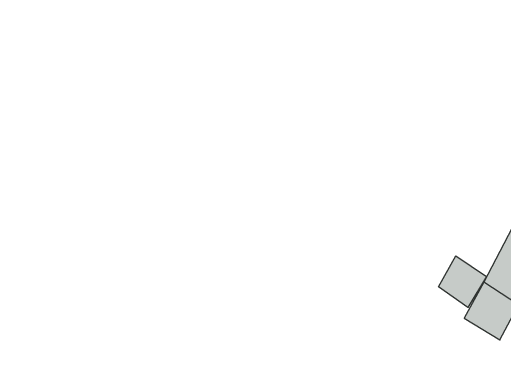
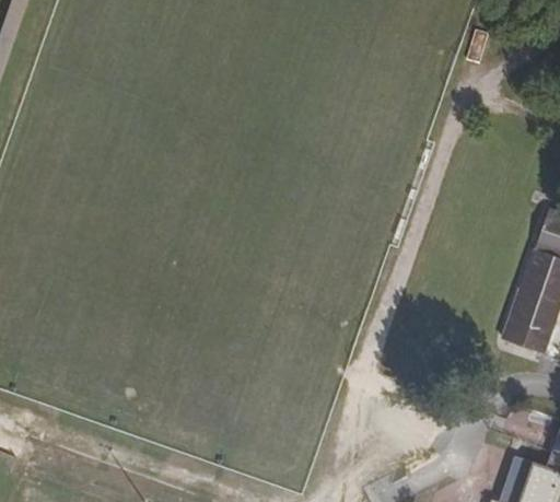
building: [439,256,487,307] -> none

